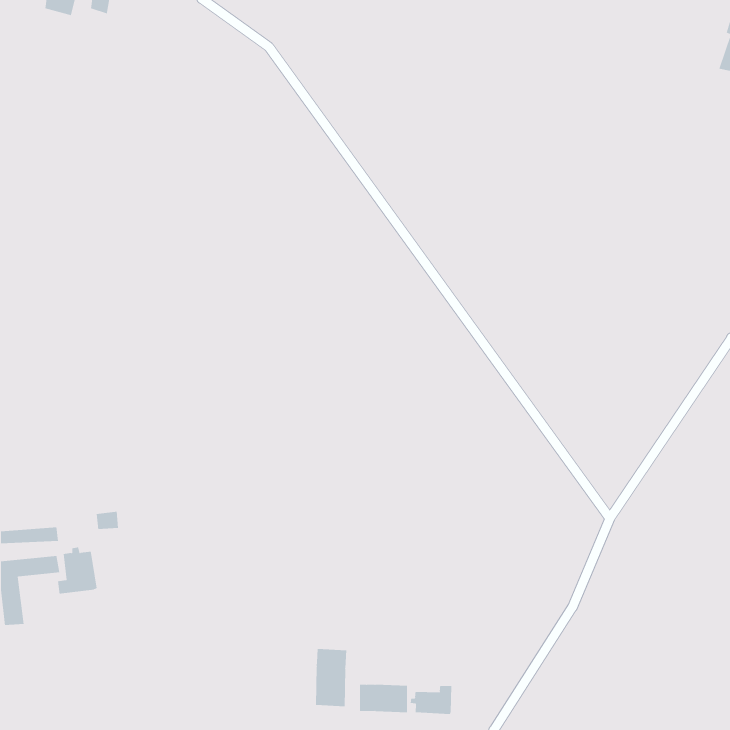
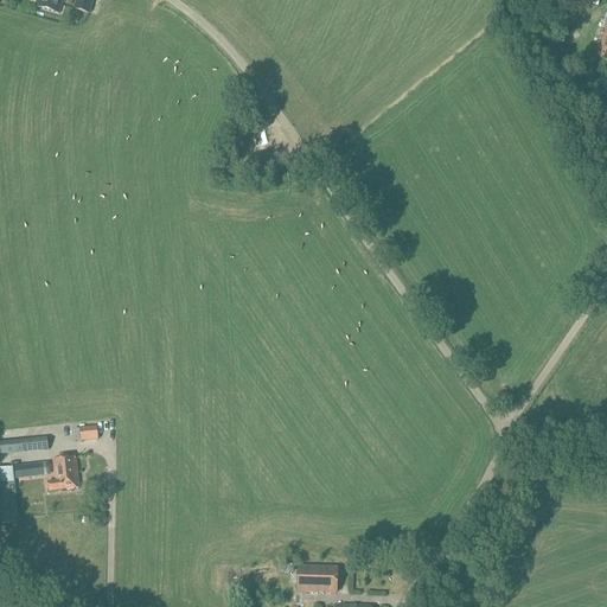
building: [316,648,347,707] -> none
building: [410,685,452,715] -> none

